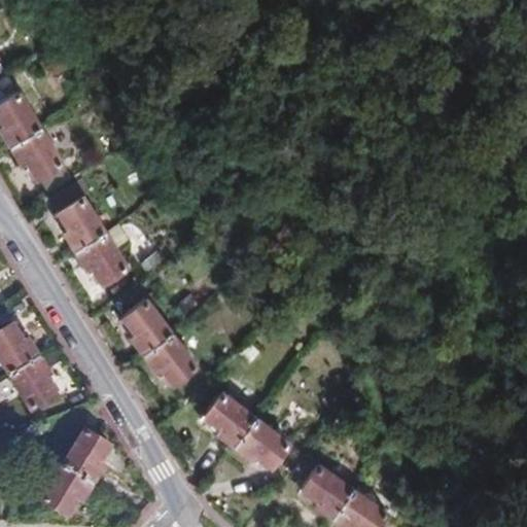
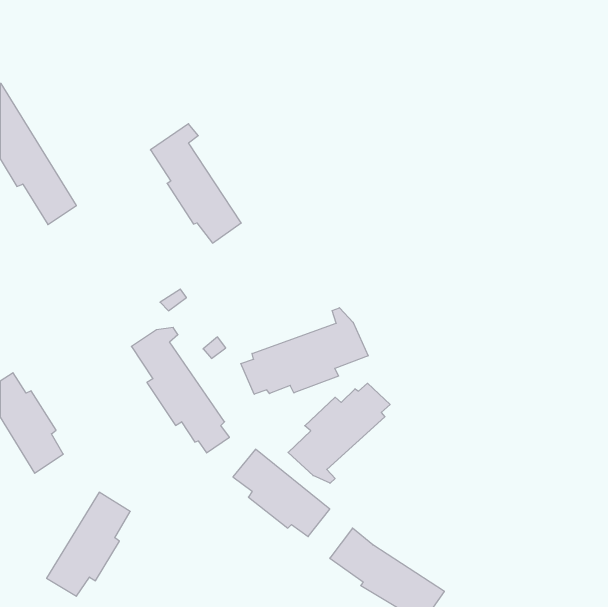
building: [46,180,125,283] -> [150,124,241,243]
building: none -> [241,308,368,394]
building: none -> [288,383,390,483]

